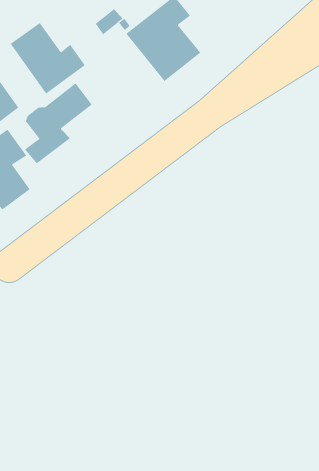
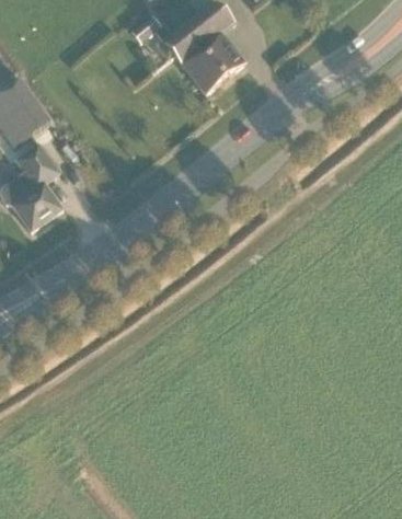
building: [10,22,86,94] -> none
building: [24,82,92,164] -> none

